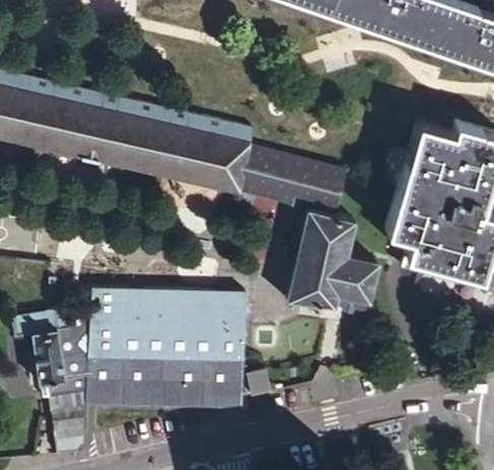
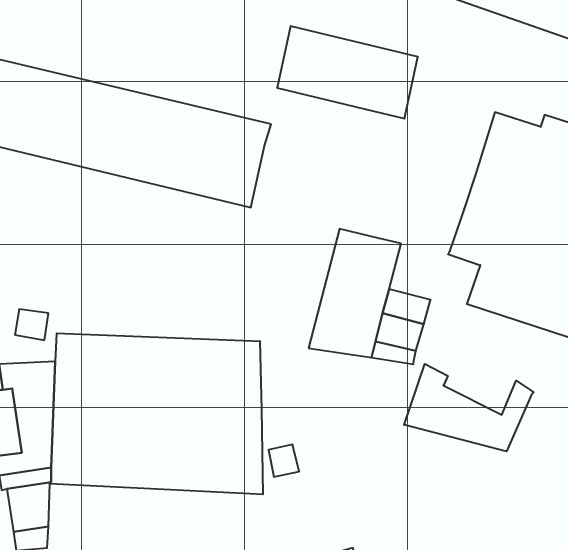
building: [239,146,346,216] -> [277,26,418,119]
building: none -> [404,364,534,451]

